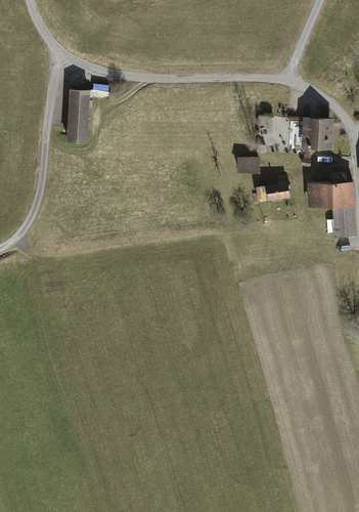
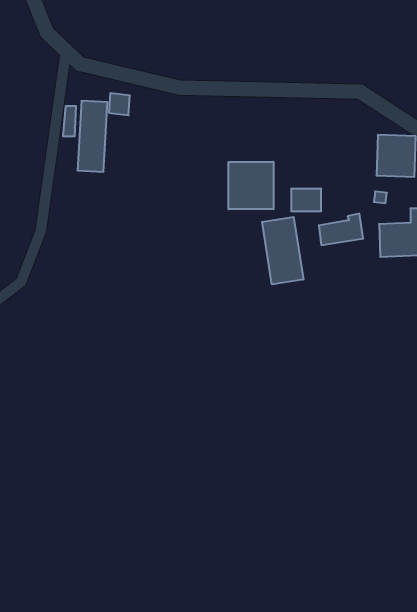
building: none -> [229,162,273,209]
building: none -> [262,217,303,284]

